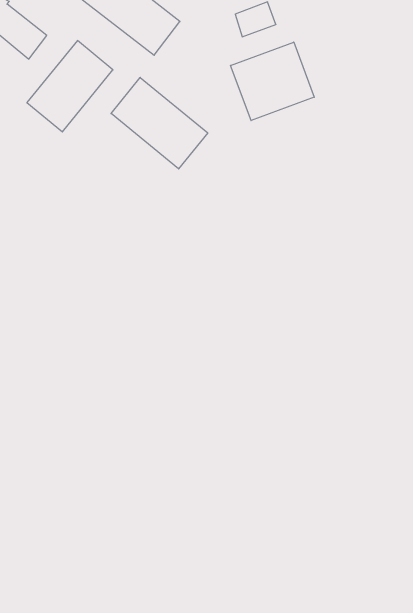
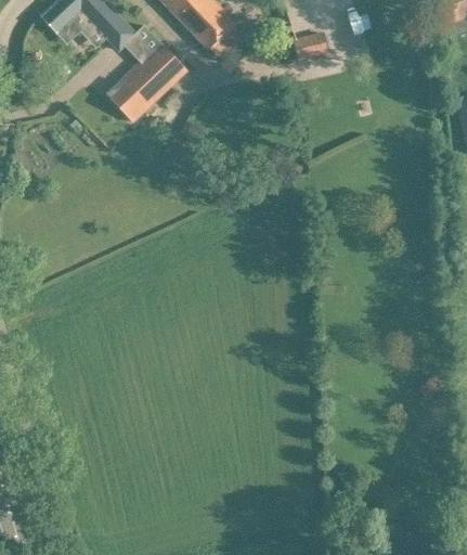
building: [231,42,314,121] -> none
building: [111,77,208,169] -> none

